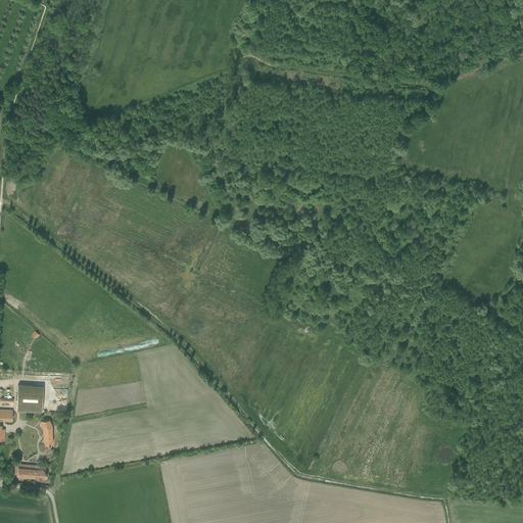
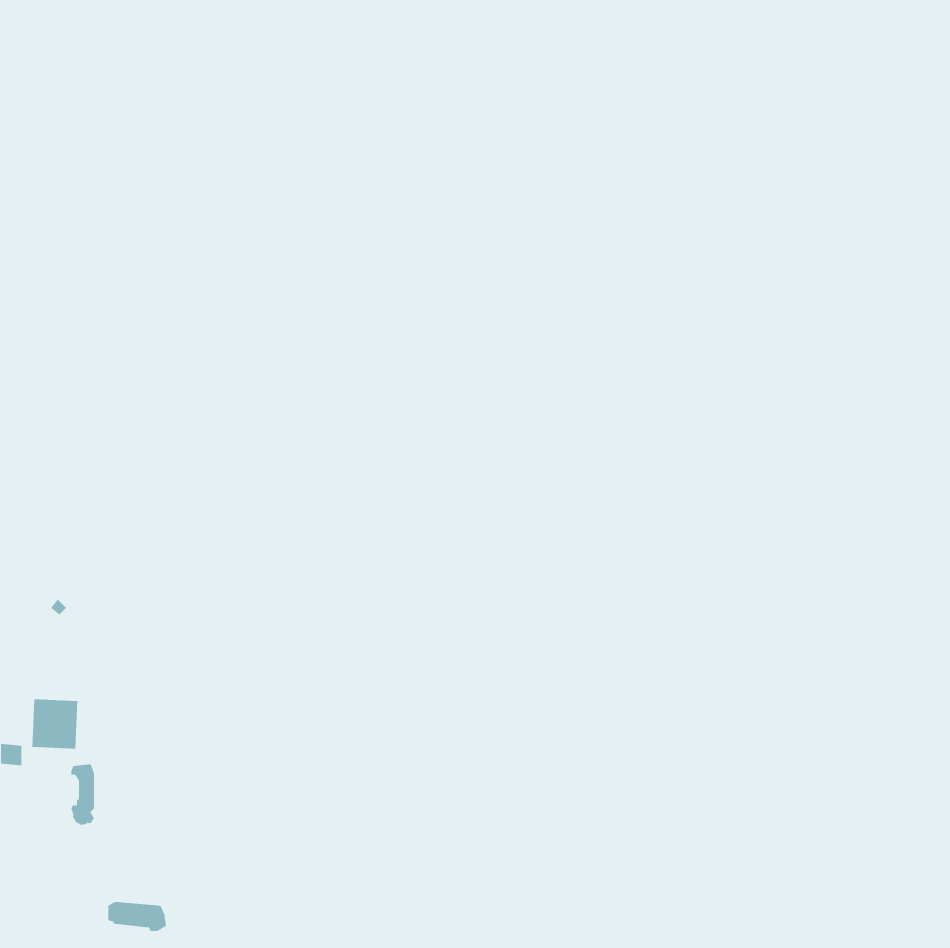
building: [14,465,47,481] -> [107,902,167,931]

